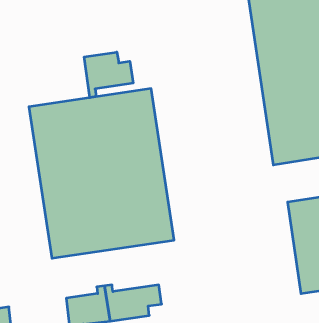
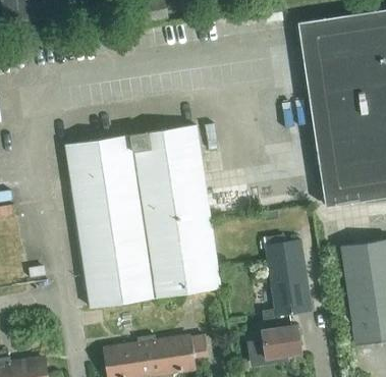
building: [84,52,133,98] -> none
building: none -> [250,233,312,364]

